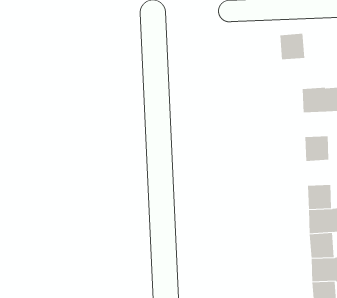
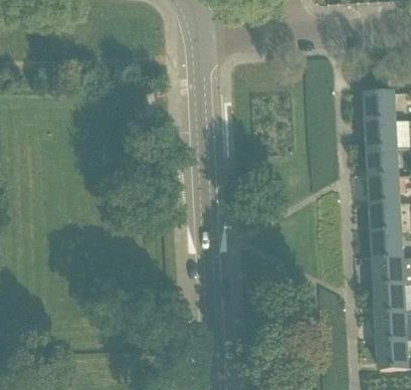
building: [279,33,305,60] -> [364,90,393,121]
building: none -> [367,147,396,175]
building: none -> [370,201,399,230]

